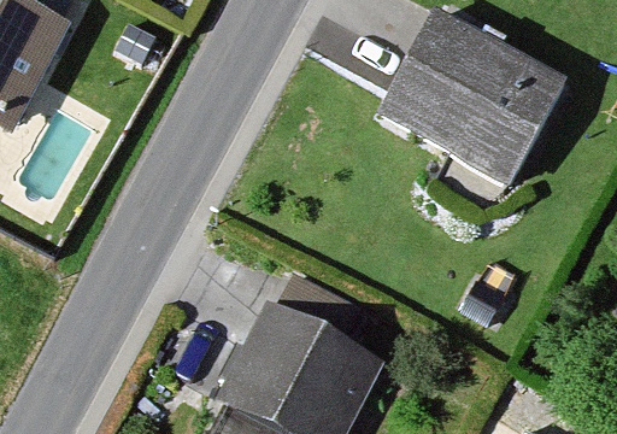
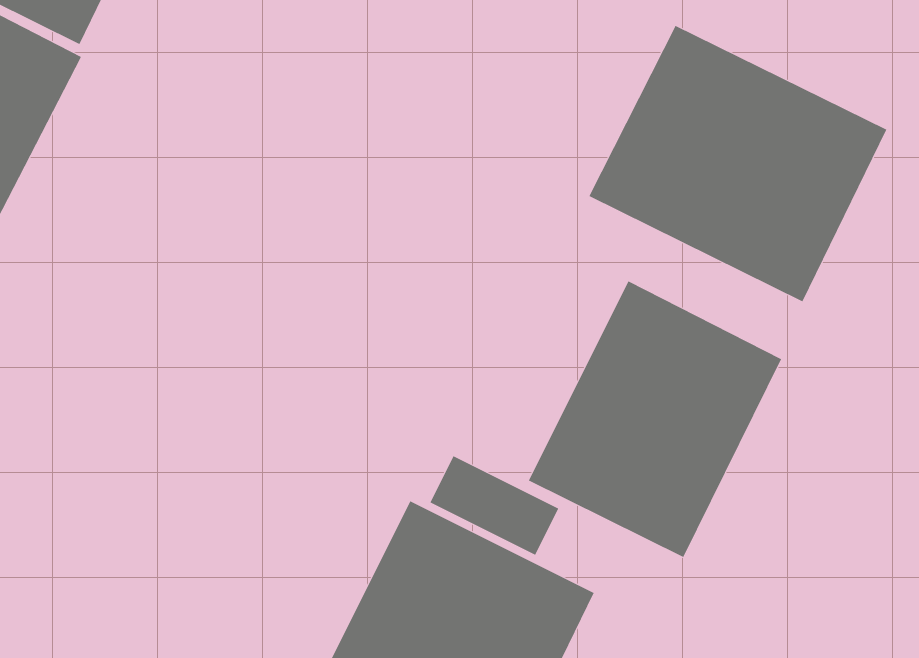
building: none -> [528,281,782,558]

